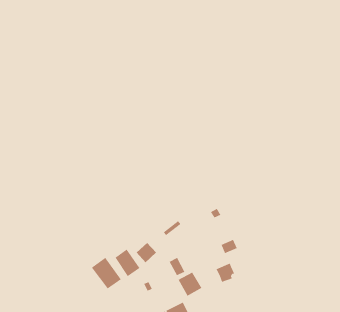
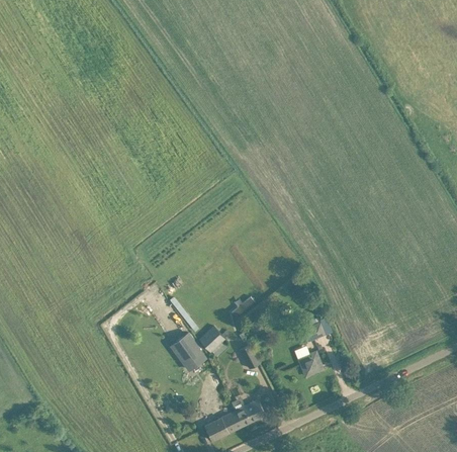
building: [91,257,122,290] -> none
building: [178,271,203,297] -> none

